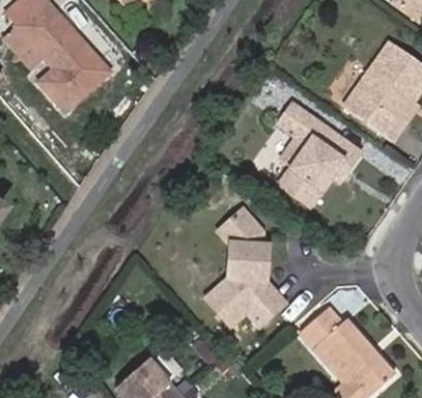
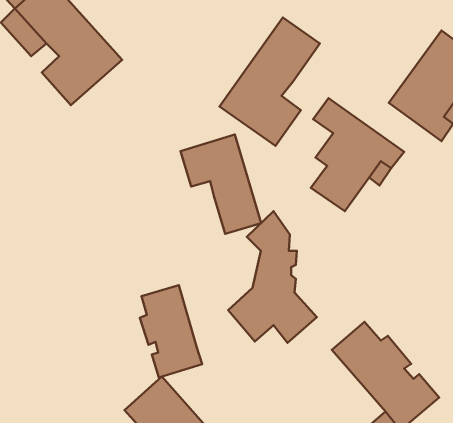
building: none -> [219,17,320,146]
building: none -> [181,135,261,234]
building: none -> [140,285,202,377]

